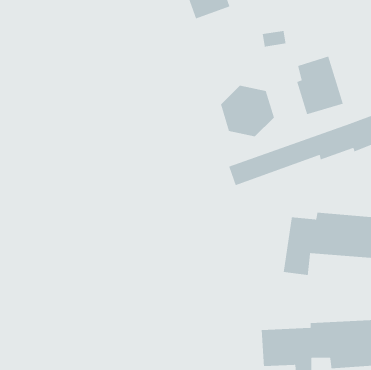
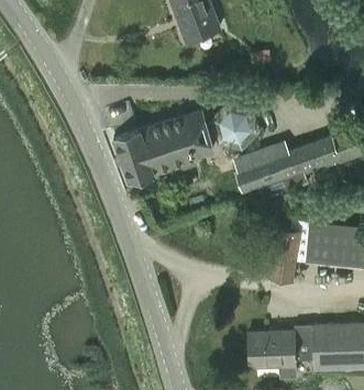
building: [296,55,344,115] -> none
building: none -> [113,109,214,181]

